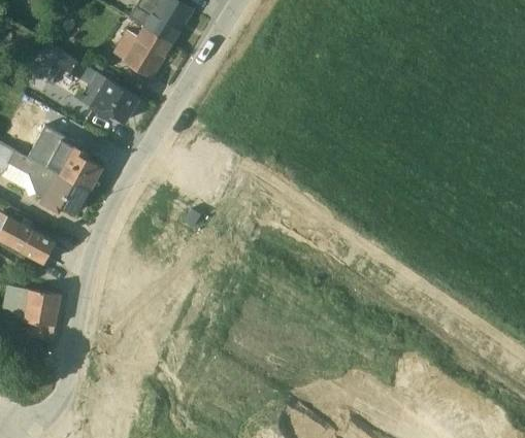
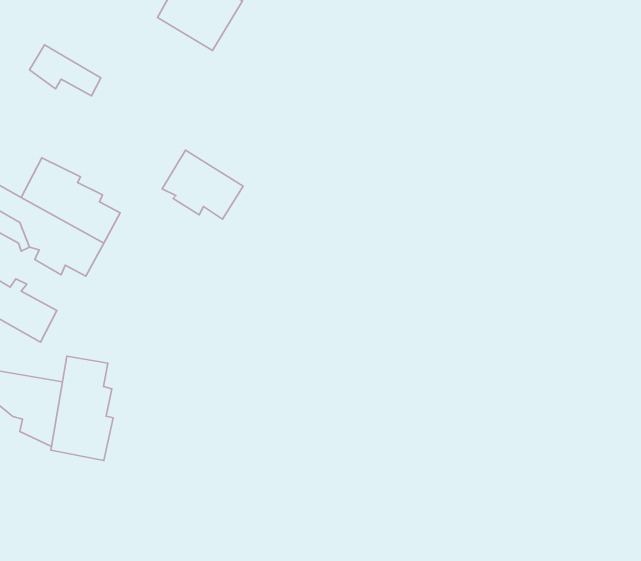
building: [112,21,171,79] -> none
building: [78,71,139,123] -> [162,150,243,219]
building: none -> [51,356,113,460]

